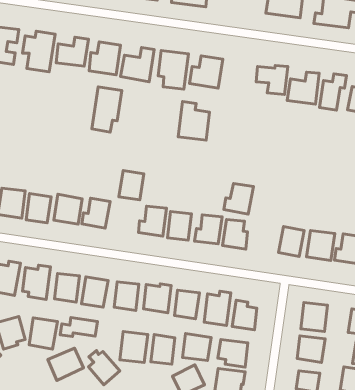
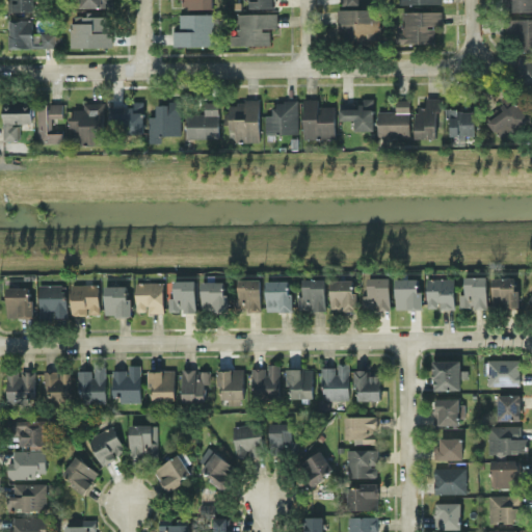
building: [92,87,122,132] -> none
building: [178,101,210,140] -> [302,100,336,140]
building: [119,171,144,200] -> [202,283,225,313]
building: [224,183,253,214] -> [362,278,391,311]
building: [60,317,98,337] -> none
building: [183,333,211,361] -> none

